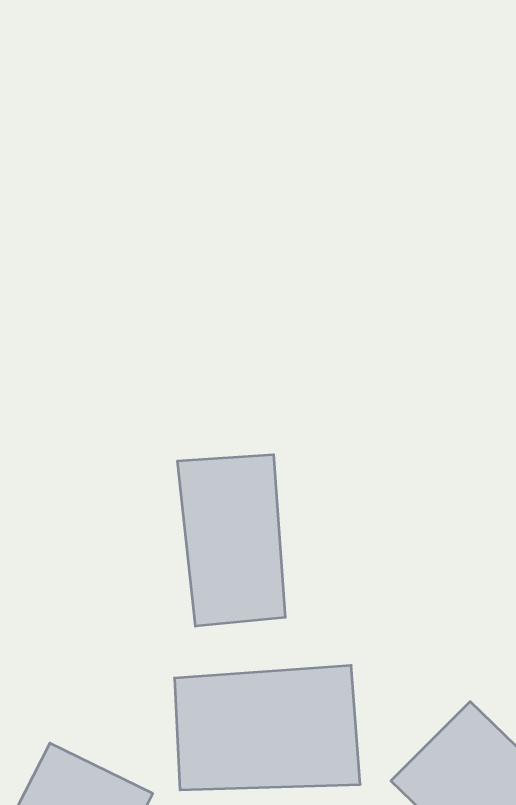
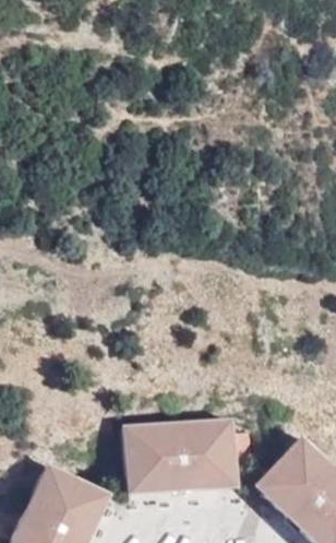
building: [178,455,285,626] -> none

